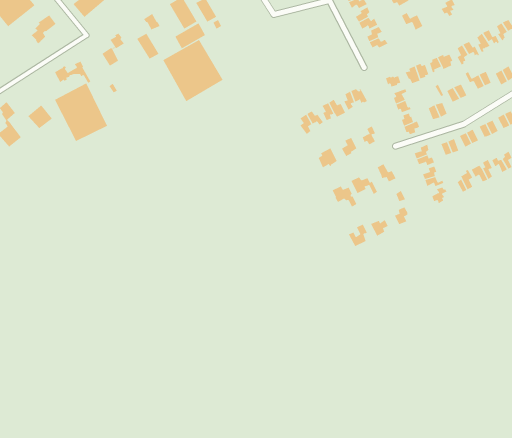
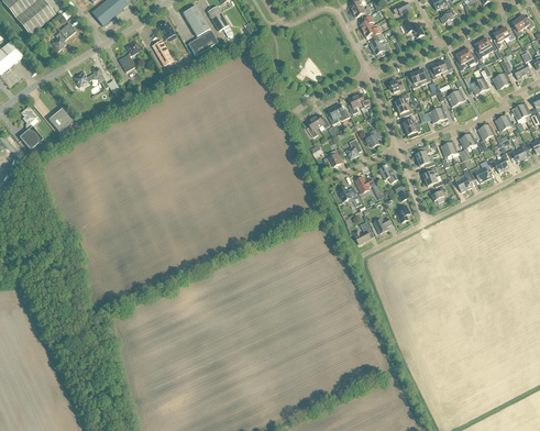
building: [163,39,223,102] -> none
building: [54,83,108,142] -> none

